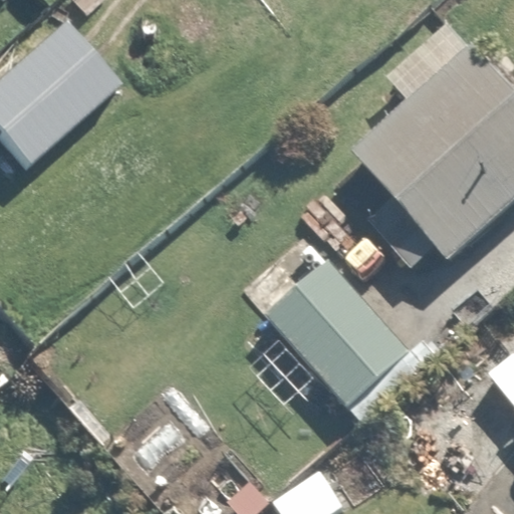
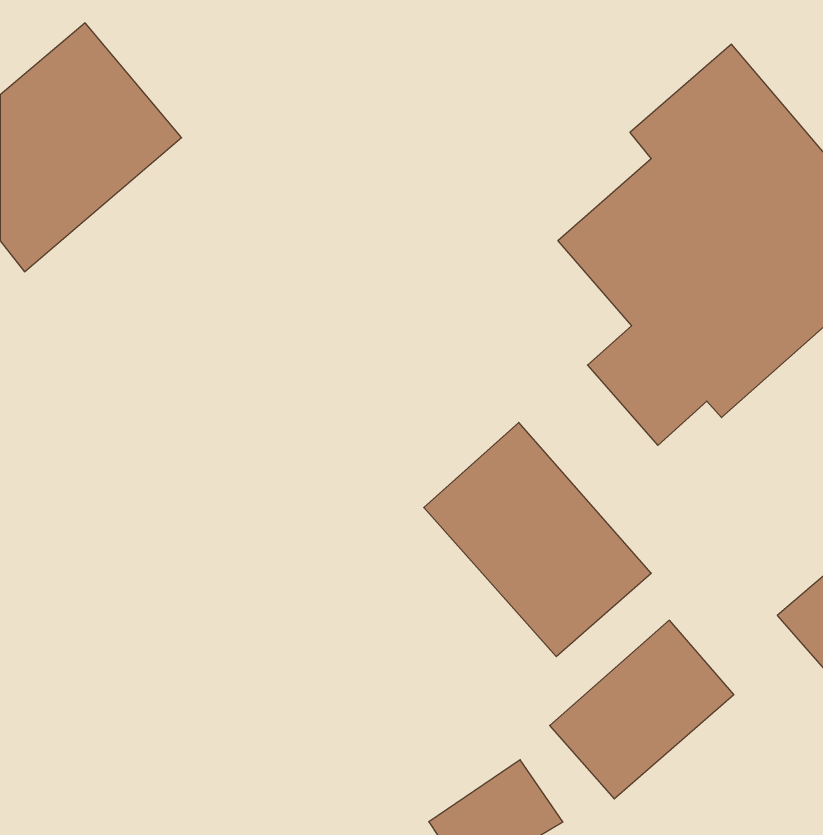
building: none -> [550,620,734,799]

